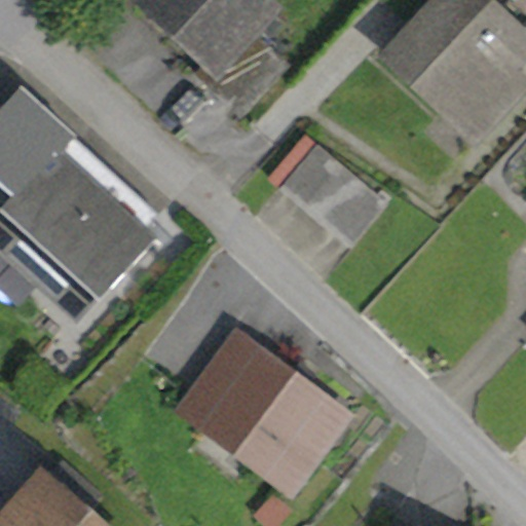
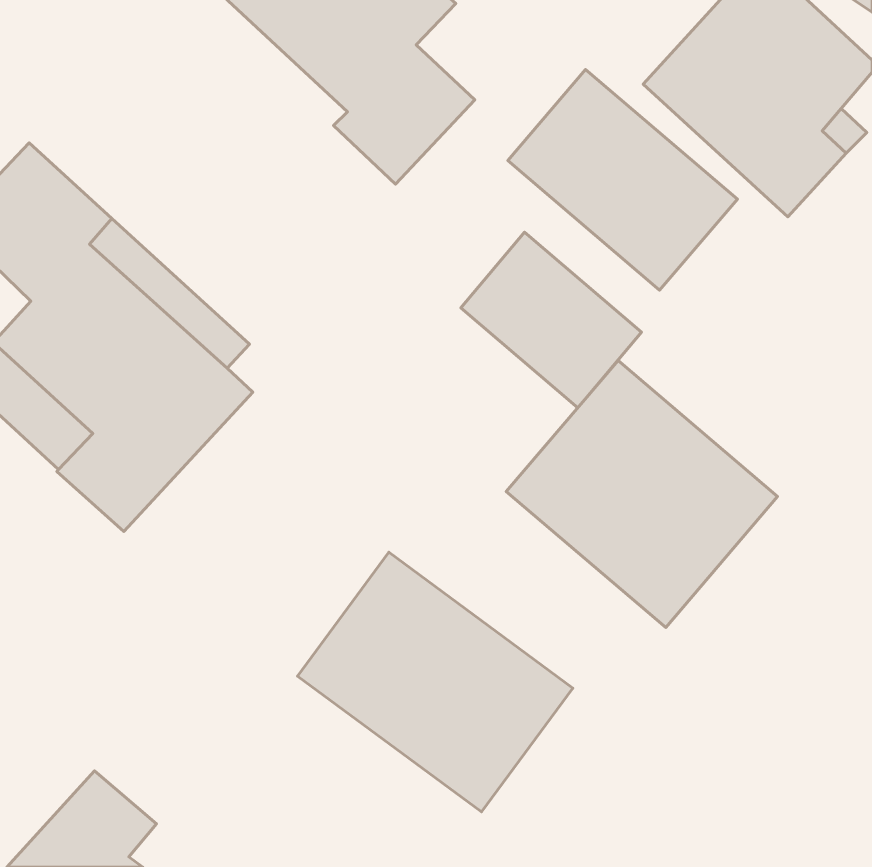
building: none -> [508,70,737,290]
building: none -> [506,361,777,627]

